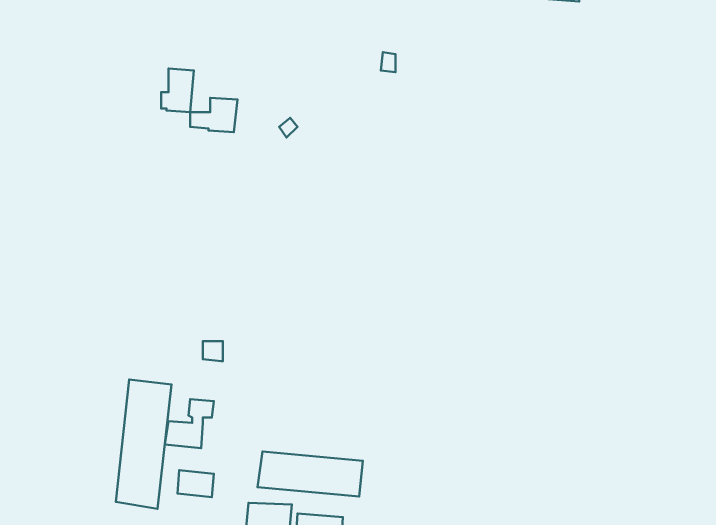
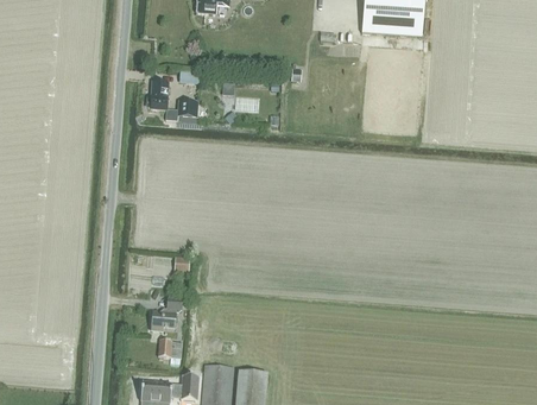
building: [116,379,171,509] -> none
building: [257,452,363,496] -> none

